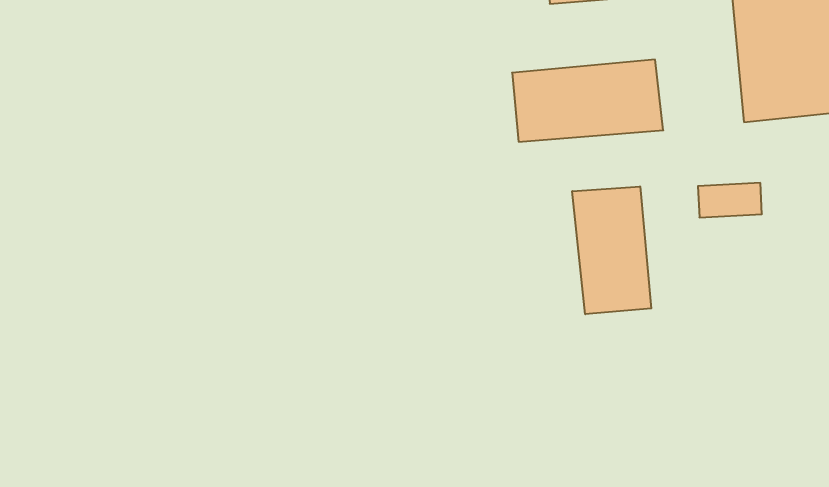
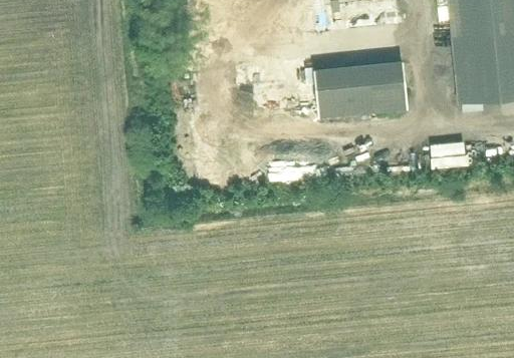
building: [572,186,651,314] -> none

